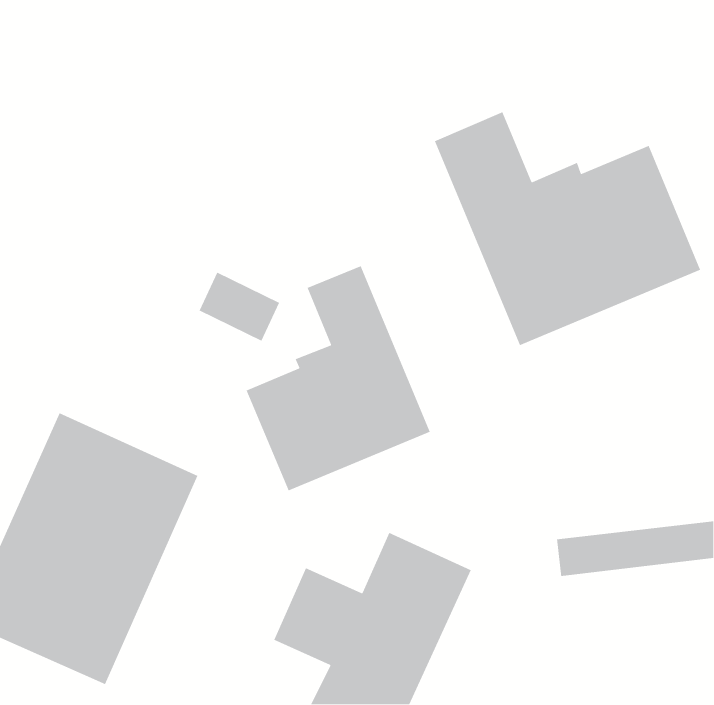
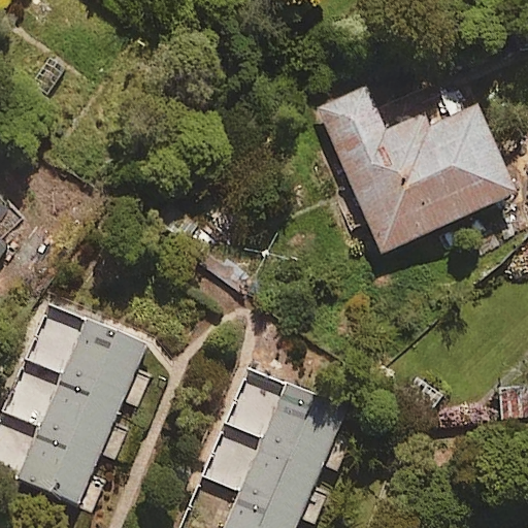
building: [245,265,431,492] -> none

